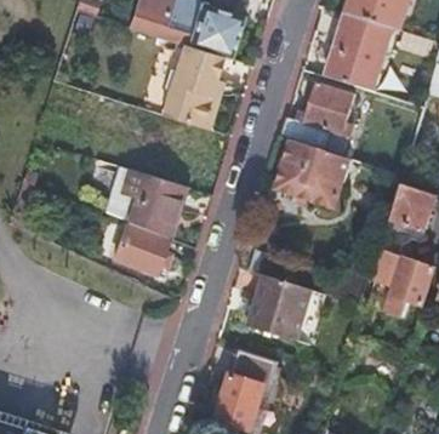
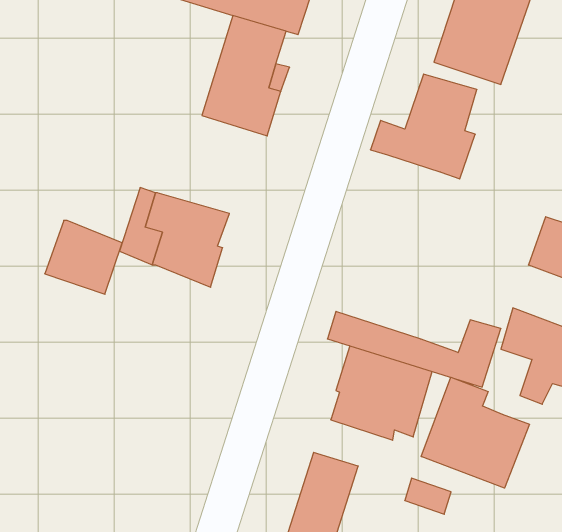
building: [275,141,348,207] -> none
building: [112,218,166,270] -> [45,220,122,294]
building: none -> [421,377,530,488]

